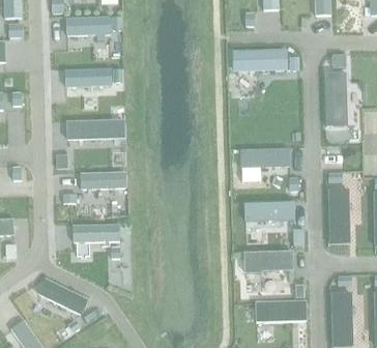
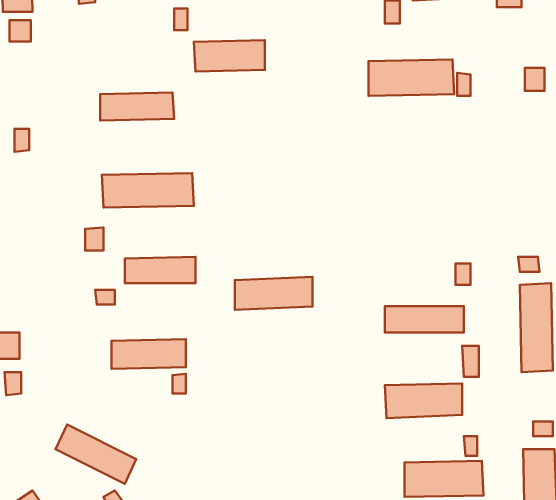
building: [65,16,110,35] -> [194,40,265,71]
building: [325,74,347,125] -> none
building: [240,147,289,168] -> [235,277,312,310]

